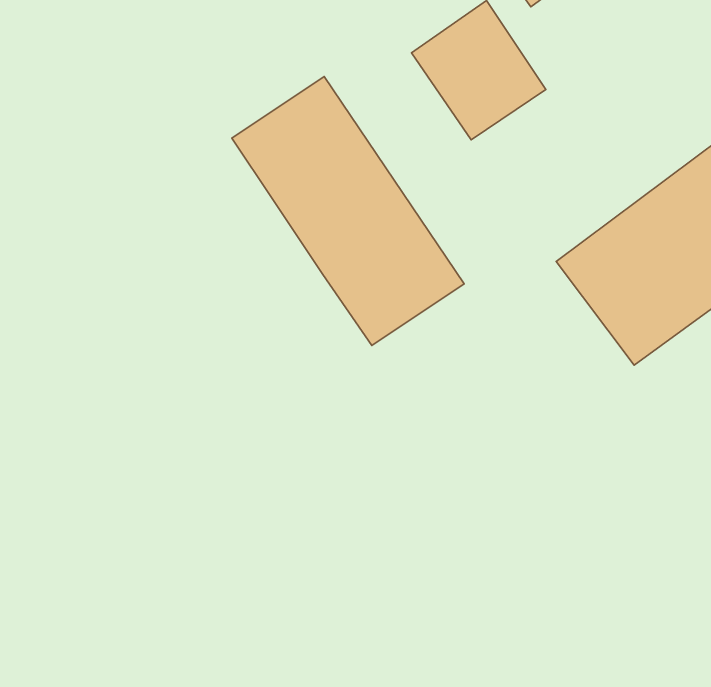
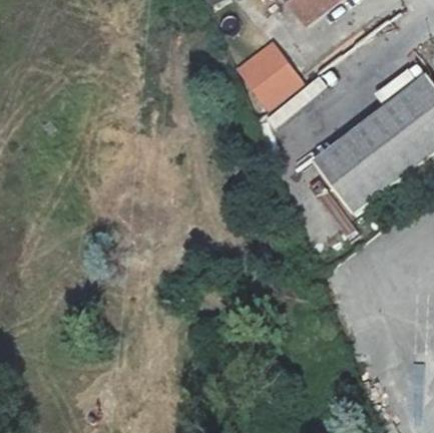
building: [232,77,464,345] -> none

